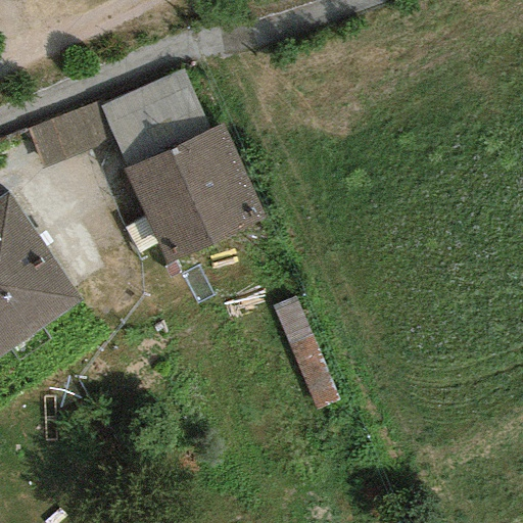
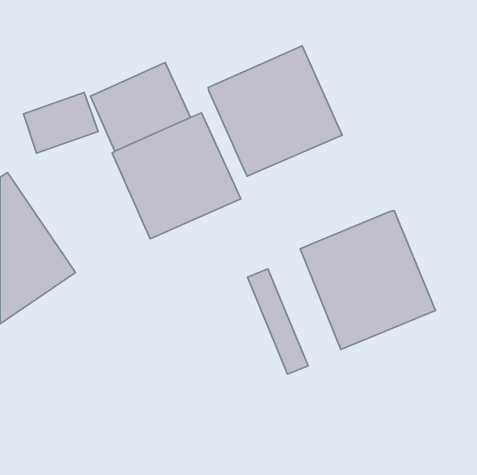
building: none -> [208,46,342,176]
building: none -> [300,210,435,350]

